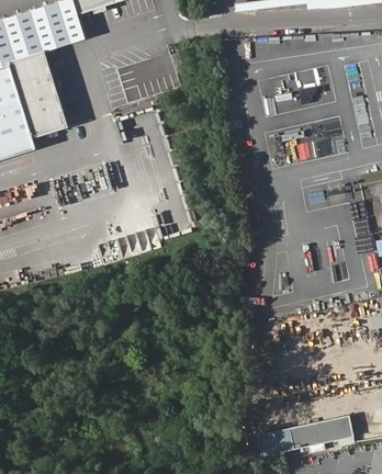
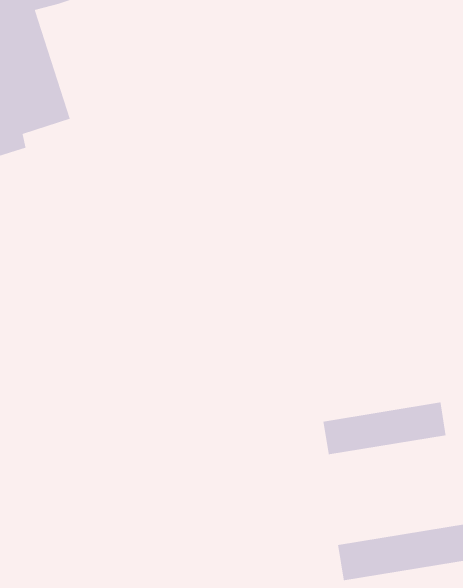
building: none -> [322,402,447,455]

